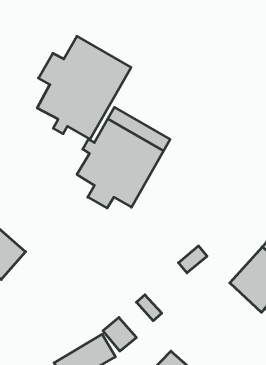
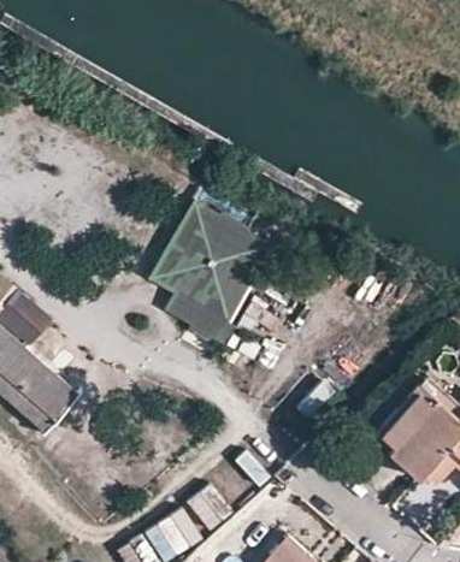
building: [37,36,131,139] -> none

